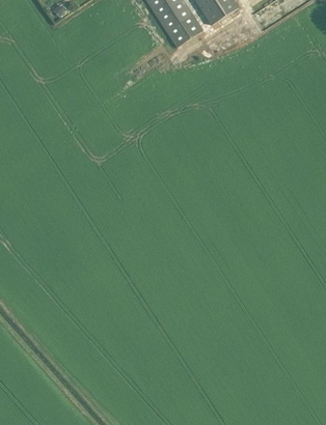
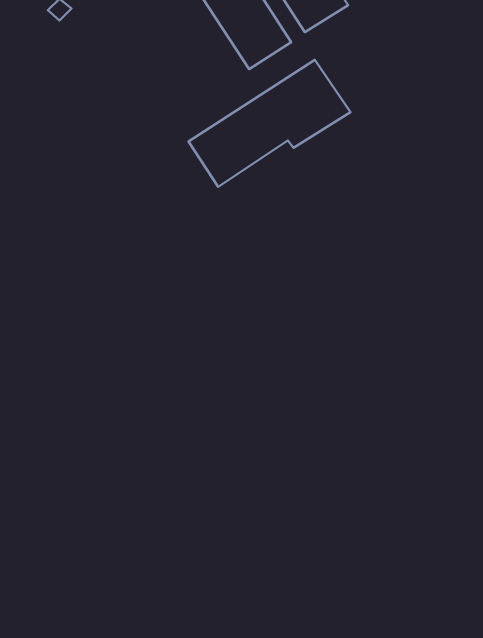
building: none -> [188,60,350,187]

